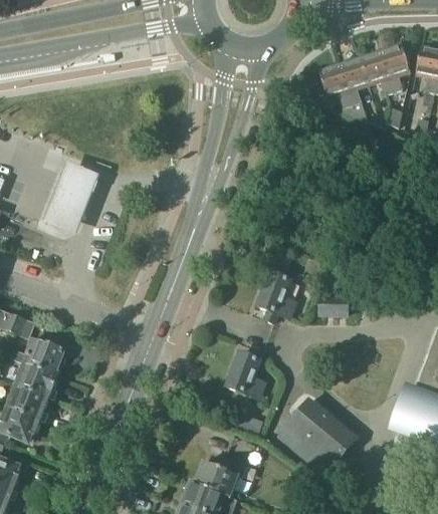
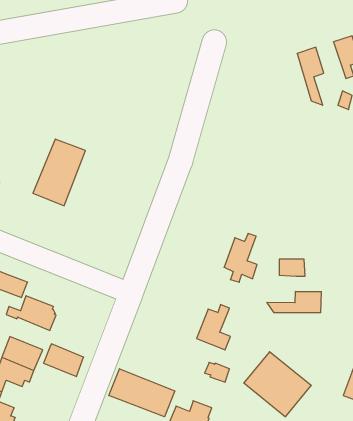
building: [360,51,394,95] -> none
building: [317,64,355,117] -> none
building: none -> [267,291,321,313]
building: [14,361,59,399] -> [44,344,84,377]
building: none -> [109,369,175,417]

